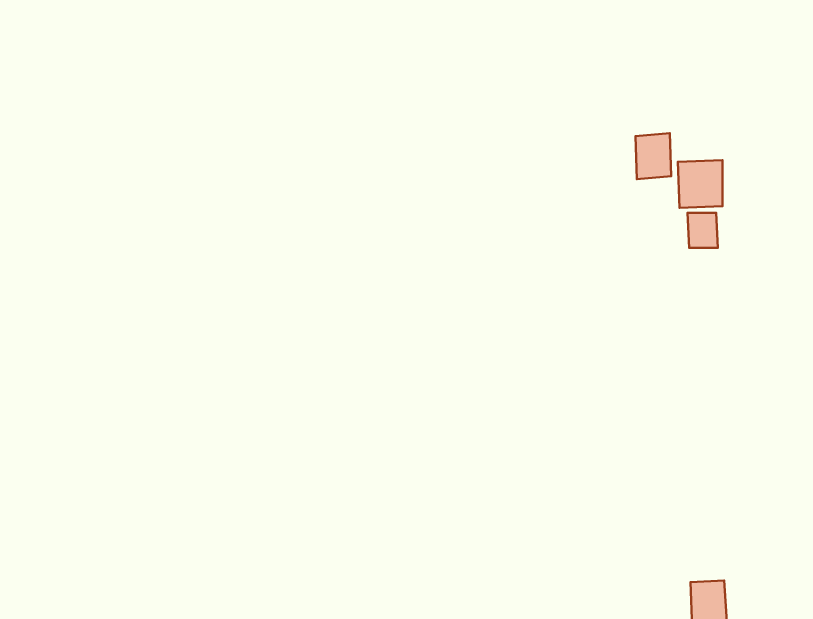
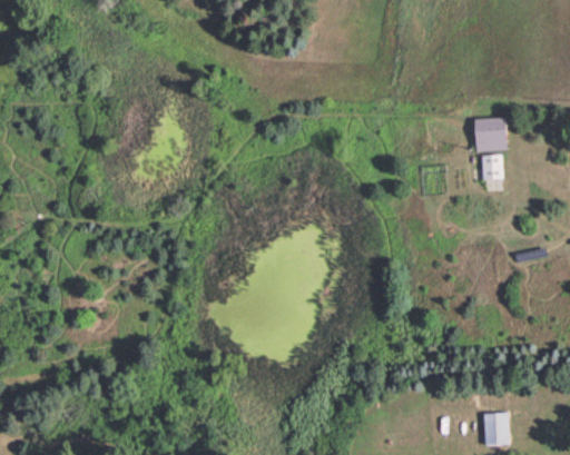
building: [635,133,671,179] -> none

